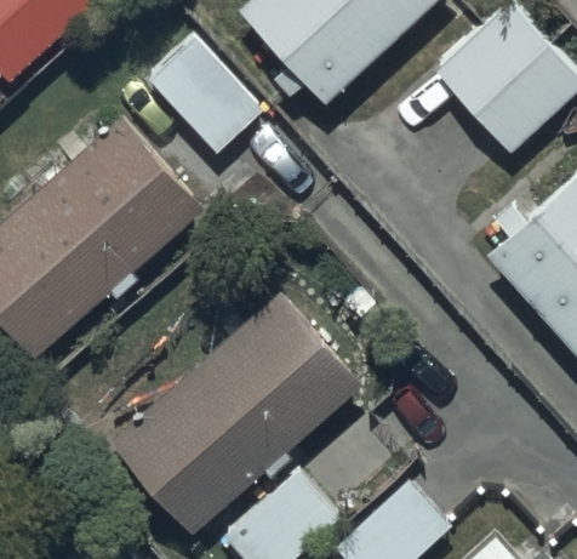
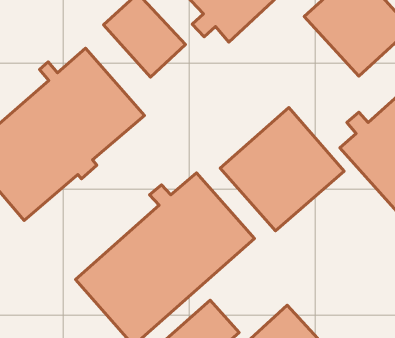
building: none -> [220,107,344,231]

